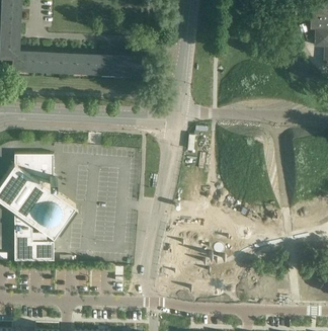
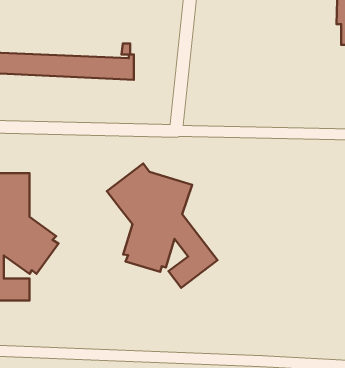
building: none -> [107,164,218,288]

